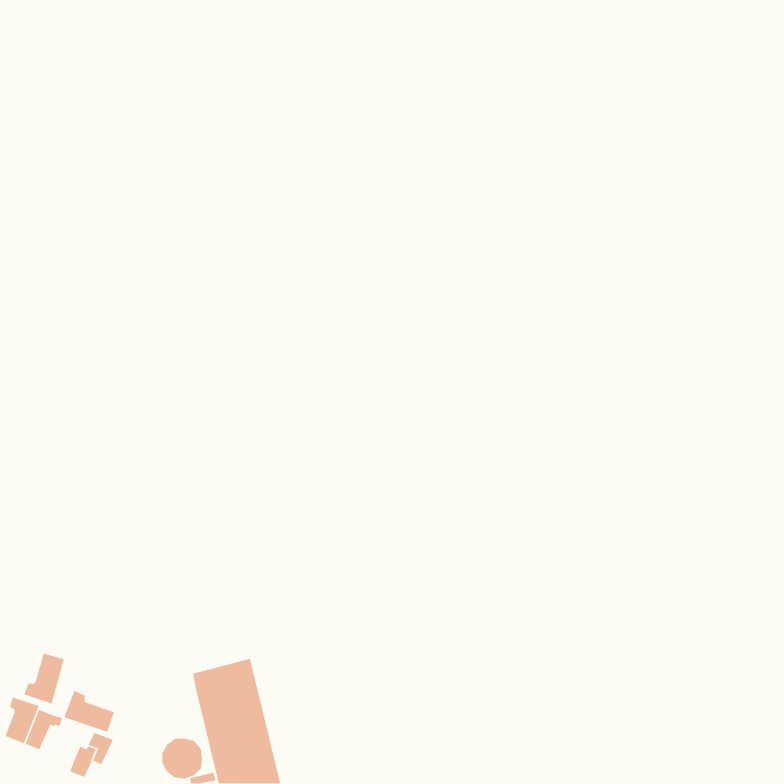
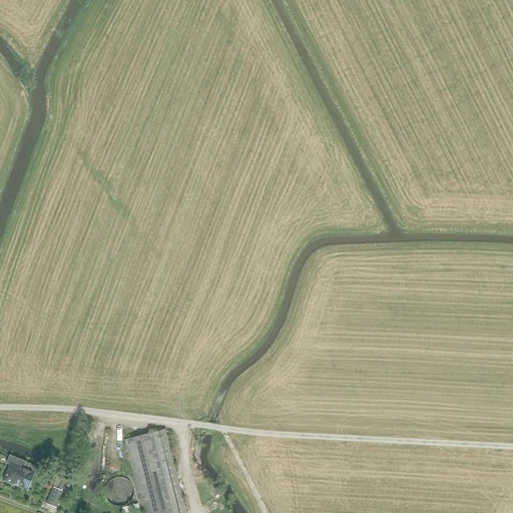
building: [23,653,65,705] -> none
building: [63,690,115,733] -> none

